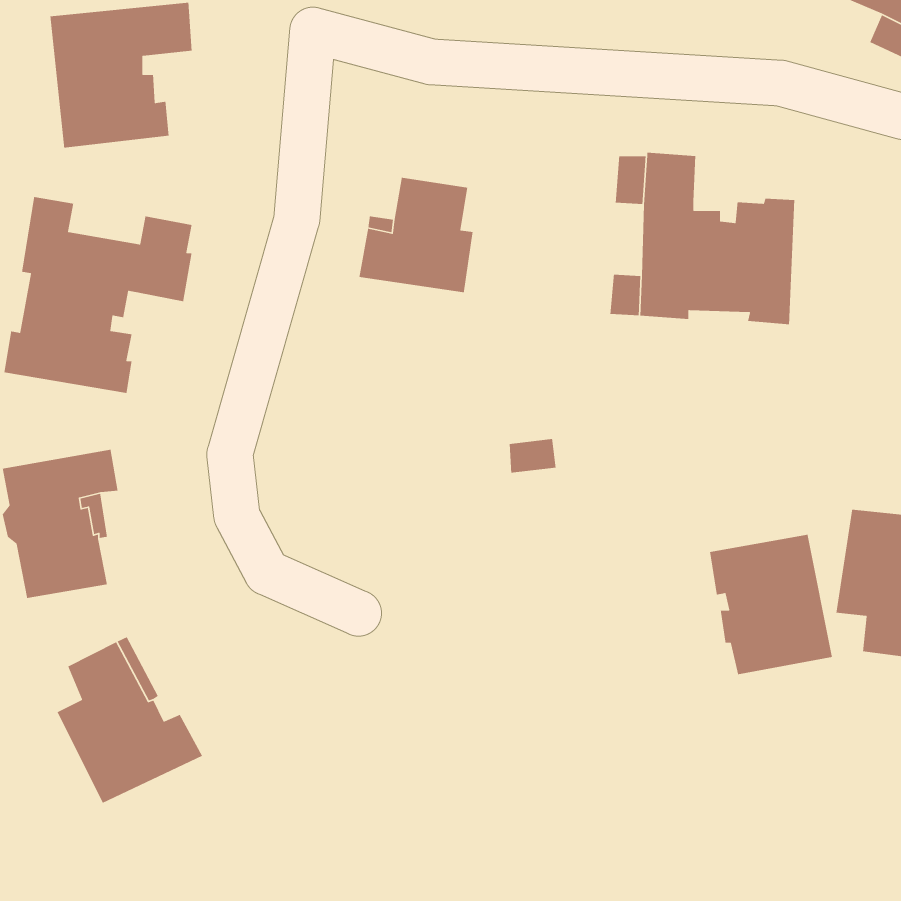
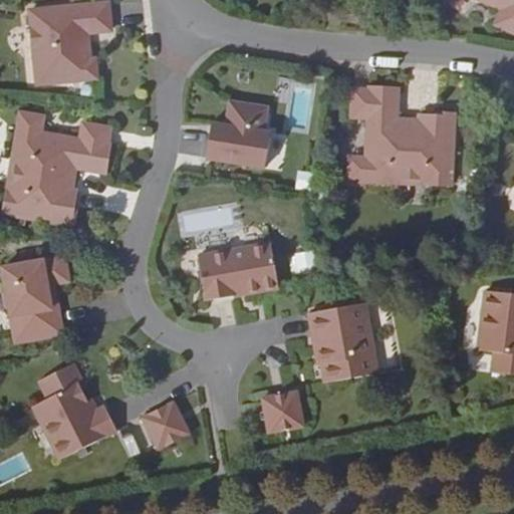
building: none -> [197,242,278,299]
building: [709,534,833,675] -> [308,301,378,381]
building: none -> [262,391,302,431]
building: none -> [142,400,190,447]

